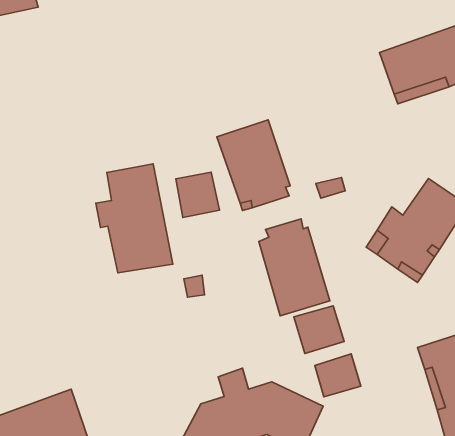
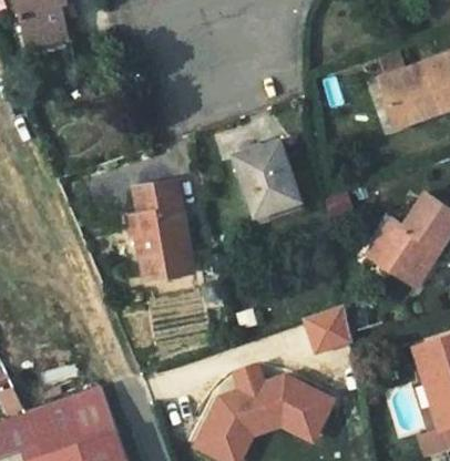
building: [176,172,219,217] -> none
building: [259,219,330,316] -> none
building: [315,354,361,397] -> none

